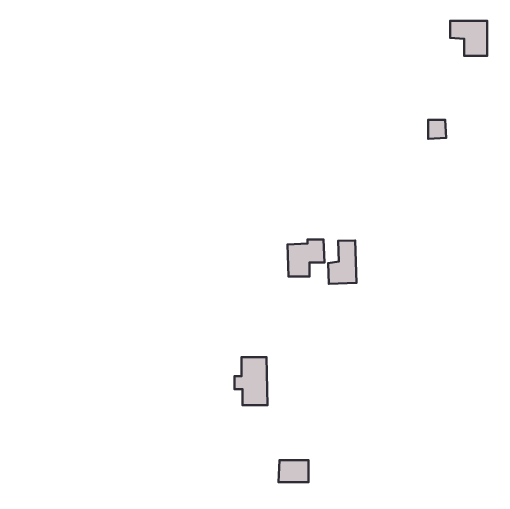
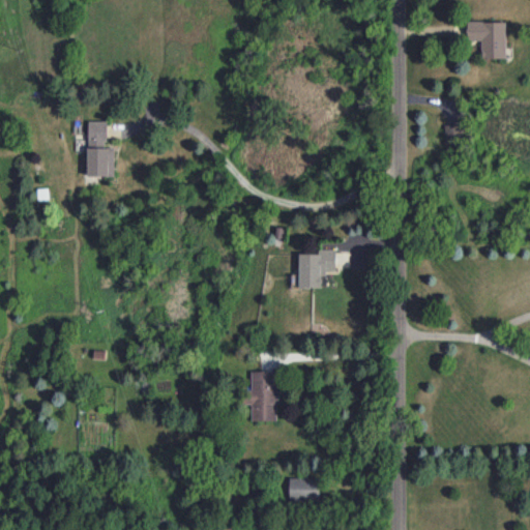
building: none -> [87,121,114,177]
building: [328,240,357,284] -> none

